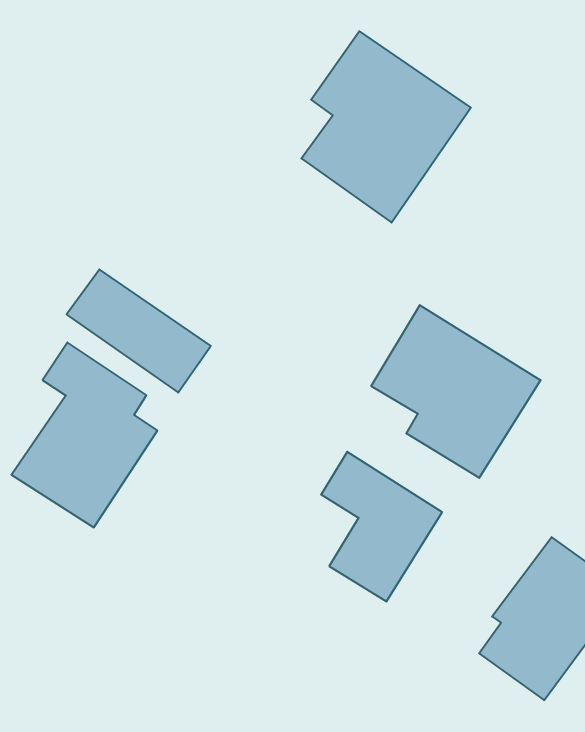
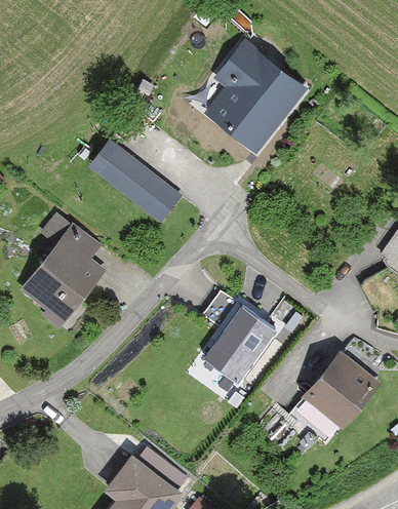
building: [67,269,211,393] -> [96,147,182,224]
building: [371,305,541,478] -> none

